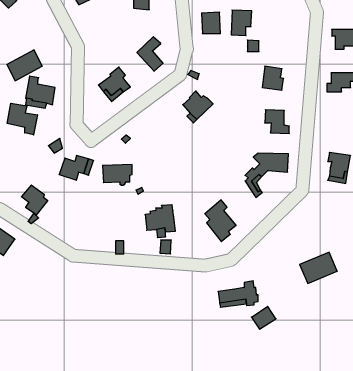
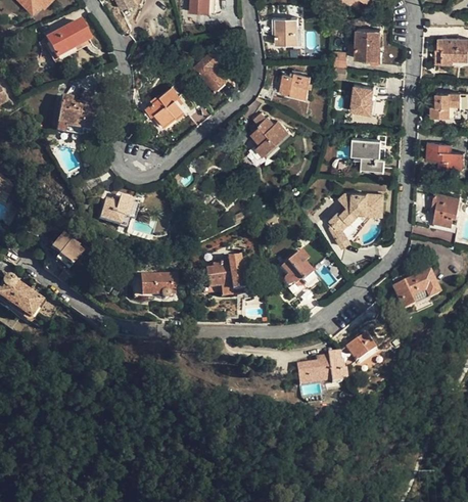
building: [231,10,252,36] -> [356,28,381,59]
building: [7,50,42,81] -> [45,19,89,58]
building: none -> [280,72,312,98]
building: [7,103,37,135] -> none
building: none -> [427,141,459,174]
building: [103,165,132,185] -> [139,274,176,300]
building: [300,252,337,283] -> [392,271,439,310]
building: [251,306,276,329] -> [344,333,375,362]

